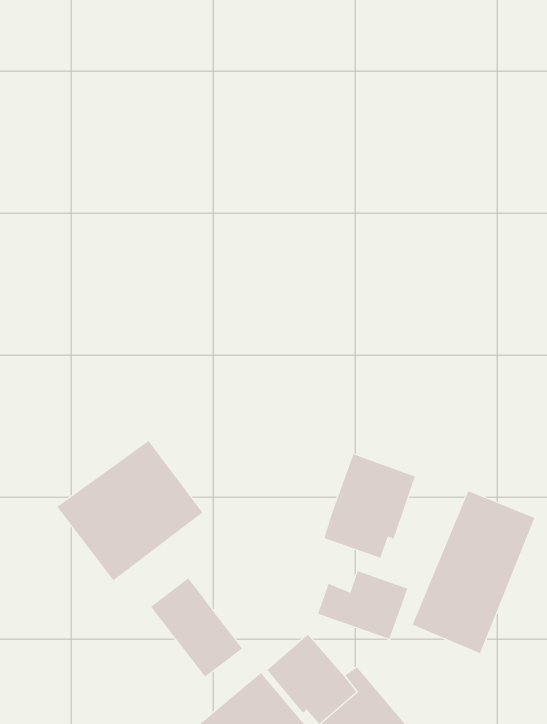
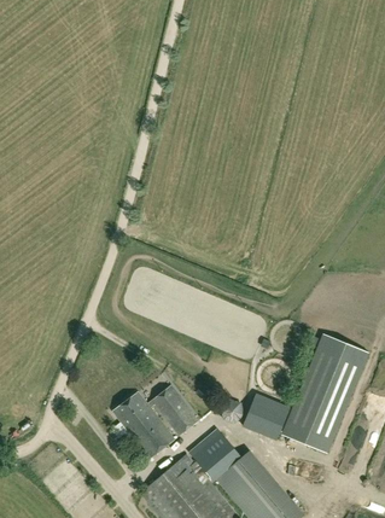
building: [57,440,203,581] -> none
building: [324,454,415,559] -> none
building: none -> [148,388,199,437]

